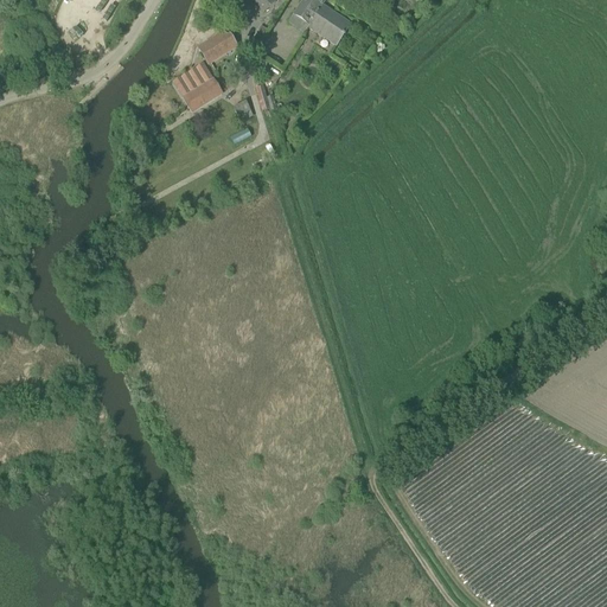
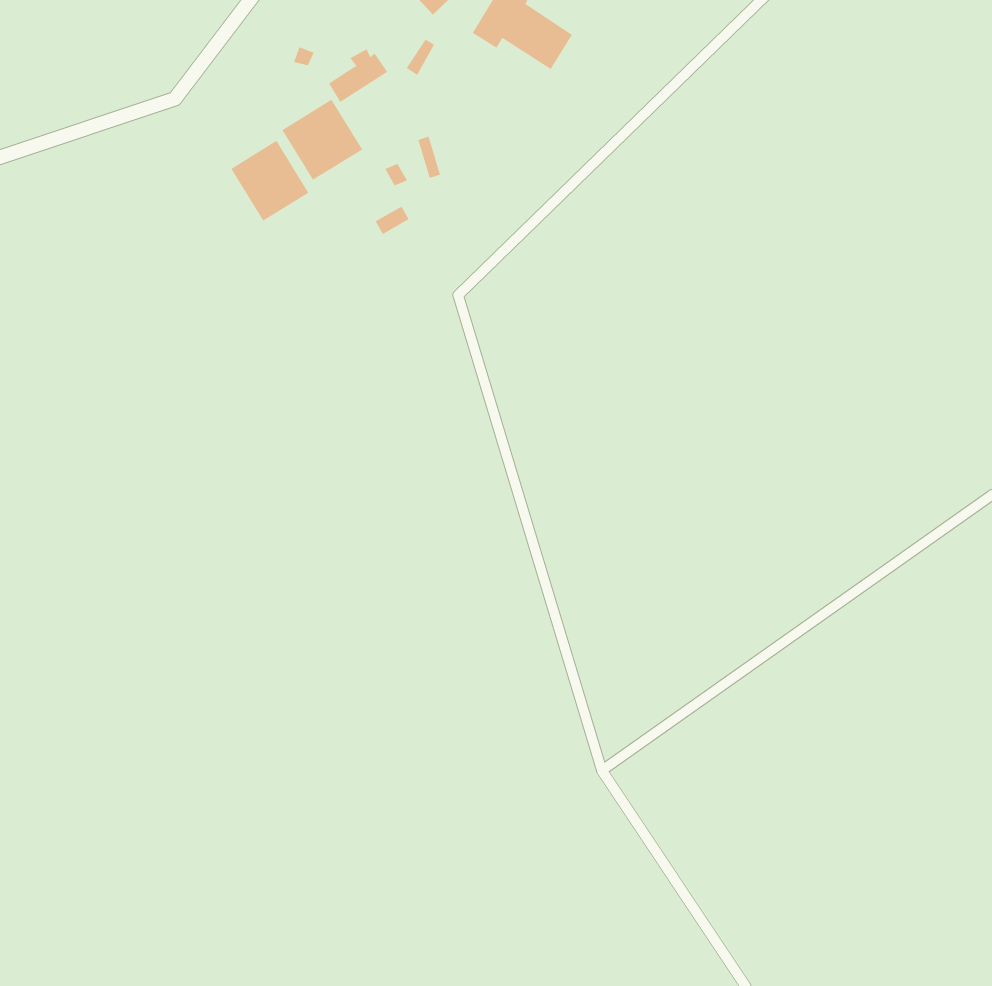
building: none -> [230,140,309,222]

